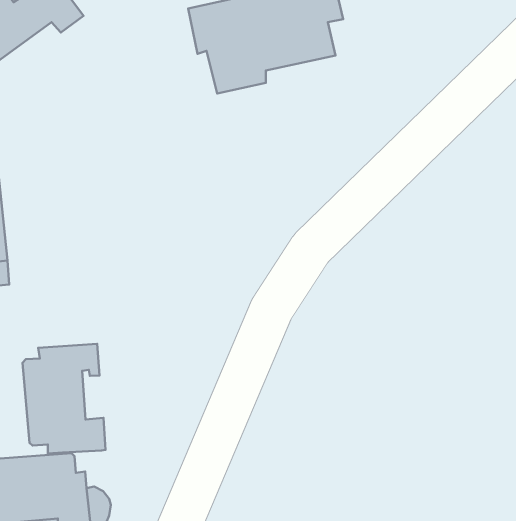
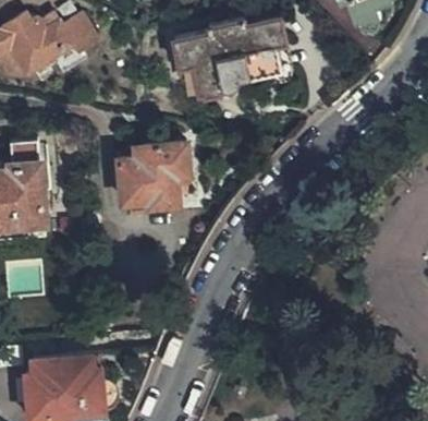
building: none -> [119,144,186,207]
building: [22,344,106,454] -> none

